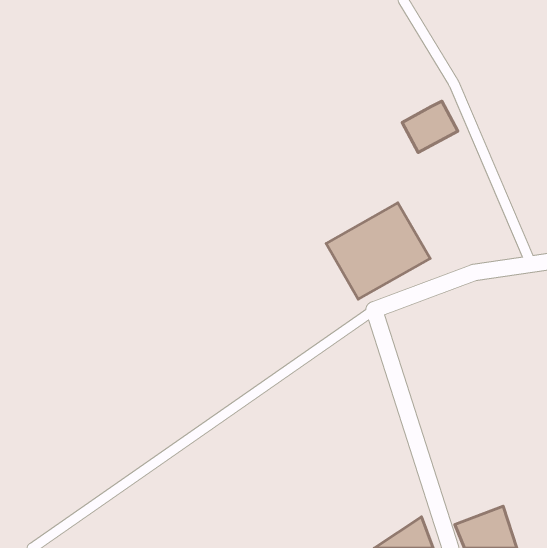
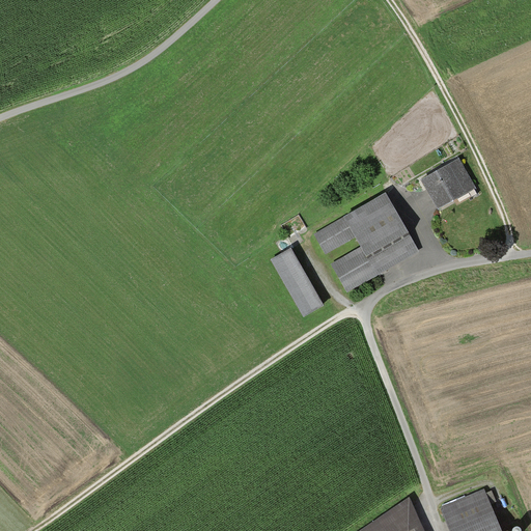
building: [402,101,458,153] -> [419,160,473,209]
building: none -> [272,249,322,314]

